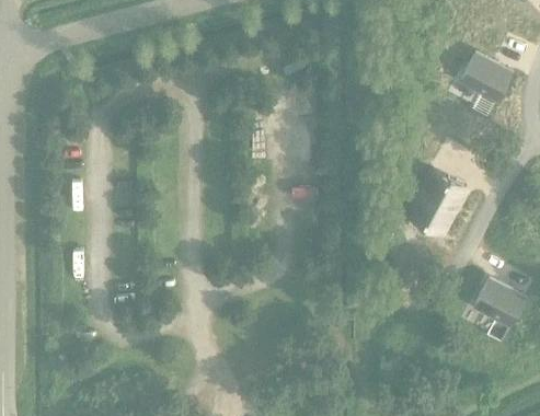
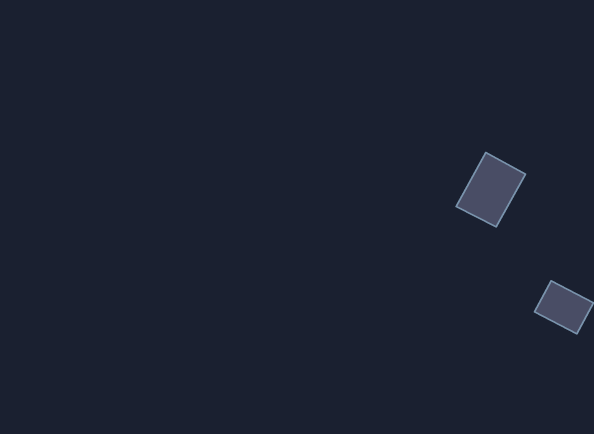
building: [461,53,510,97] -> none

